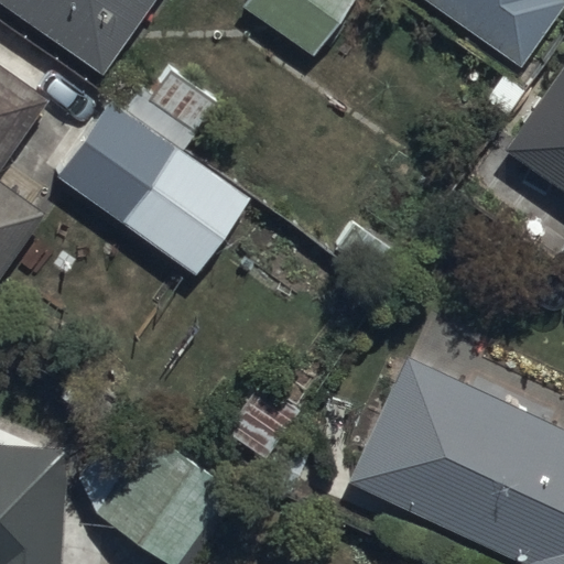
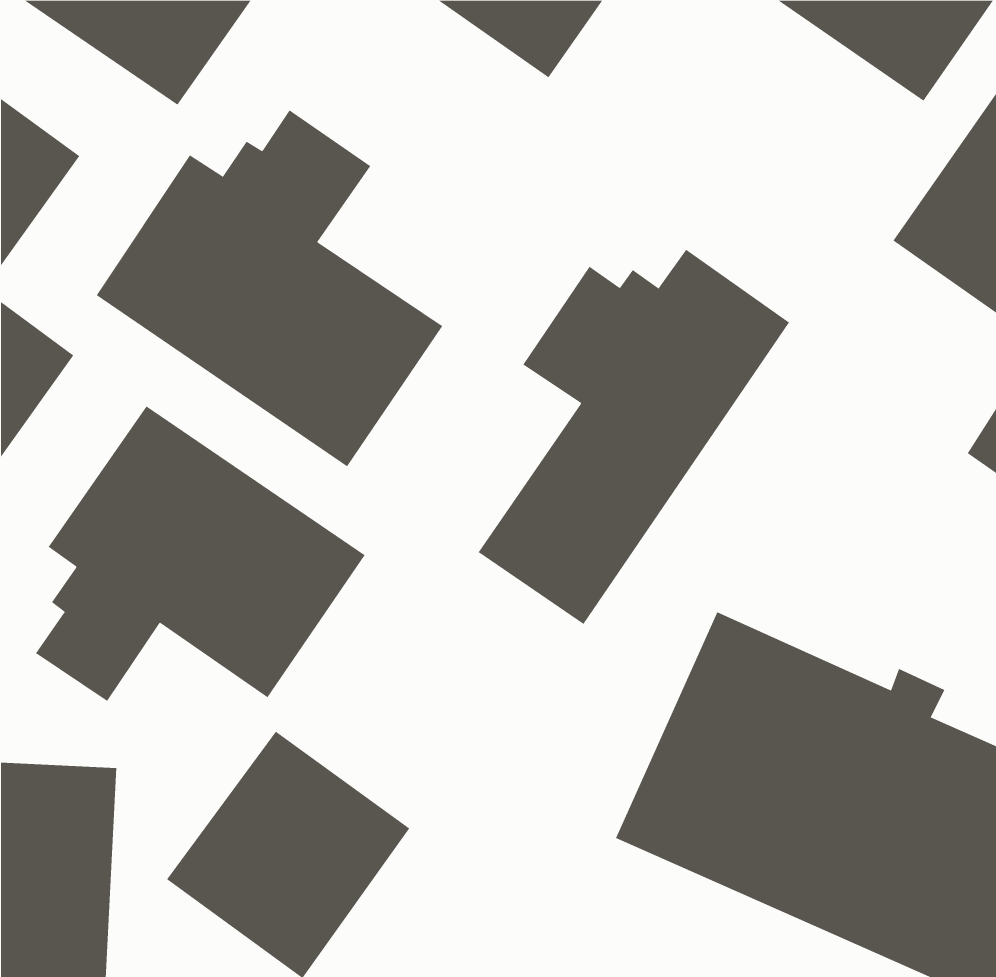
building: none -> [478,249,790,625]
building: none -> [35,405,365,702]

